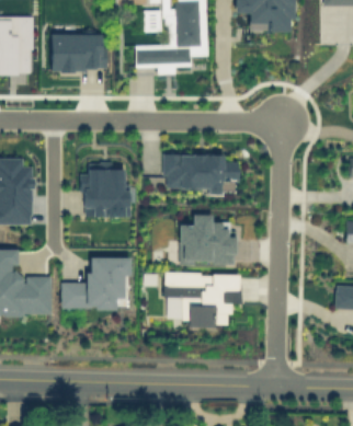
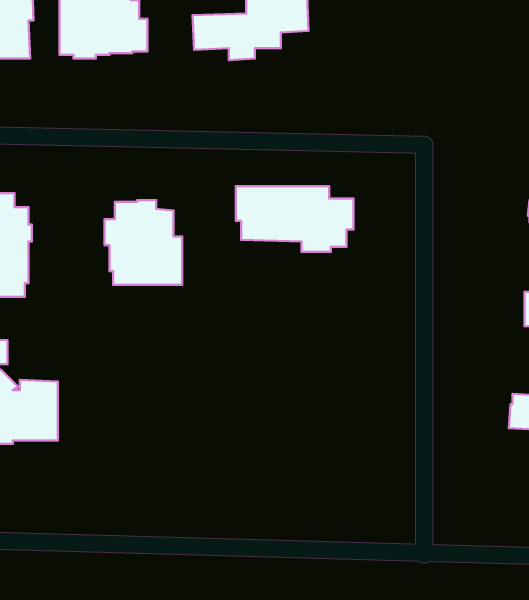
building: [179,216,237,265] -> none
building: [60,258,127,308] -> none
building: [163,272,239,326] -> none

